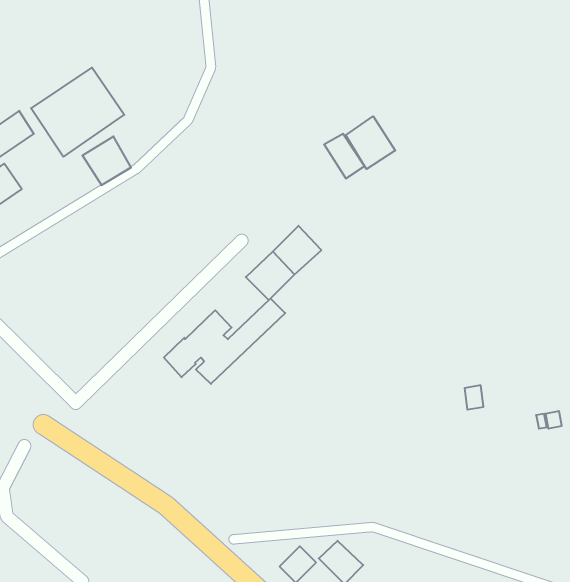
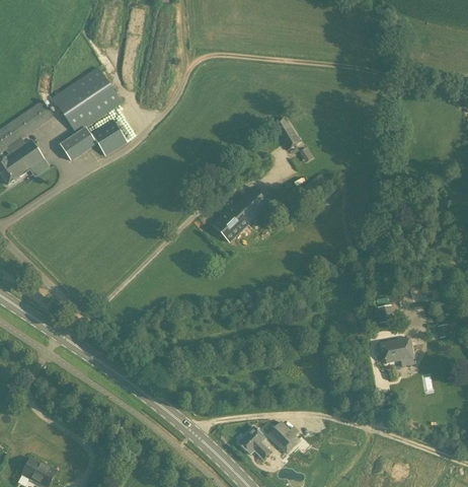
building: [346,116,395,169] -> none
building: none -> [61,128,96,160]
building: [164,299,285,384] -> none
building: none -> [382,338,414,363]

